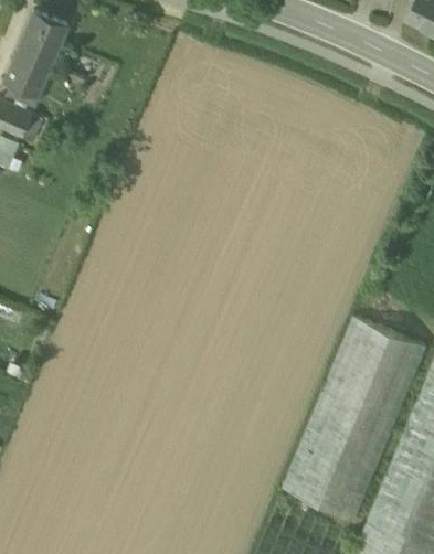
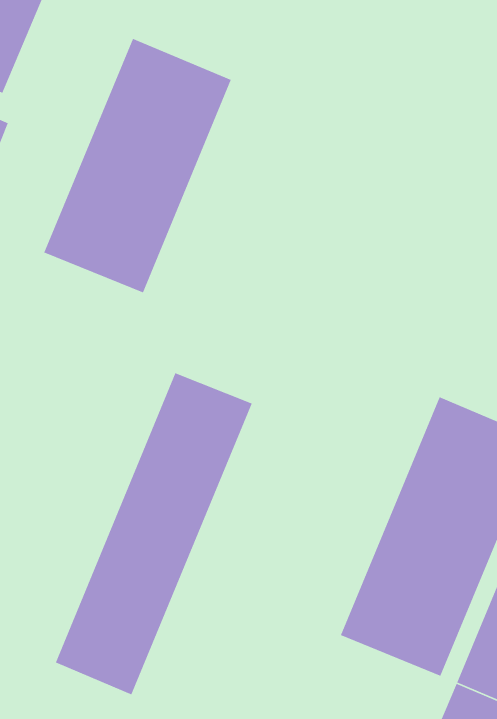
building: none -> [43,38,232,293]
building: none -> [55,372,253,695]

